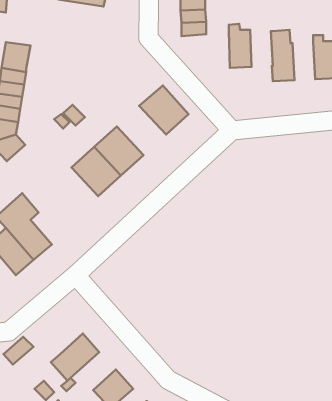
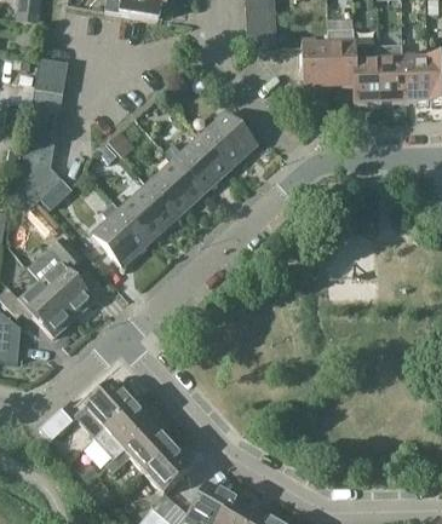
building: none -> [328,31,356,88]
building: none -> [375,44,406,104]
building: none -> [172,134,230,192]
building: none -> [92,201,150,266]
building: none -> [86,381,132,427]
building: none -> [125,425,171,470]

